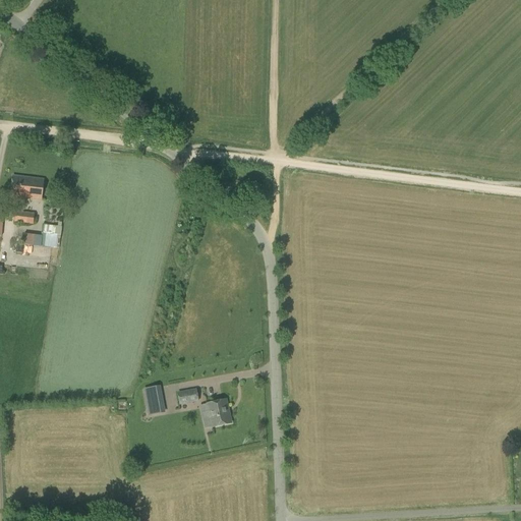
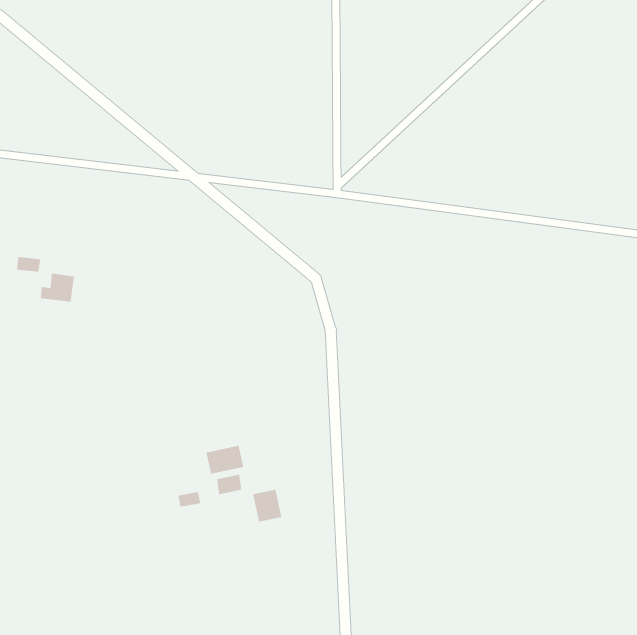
building: [10,174,44,197] -> none
building: none -> [205,445,244,475]

